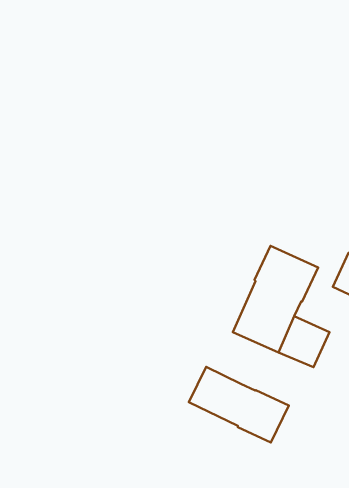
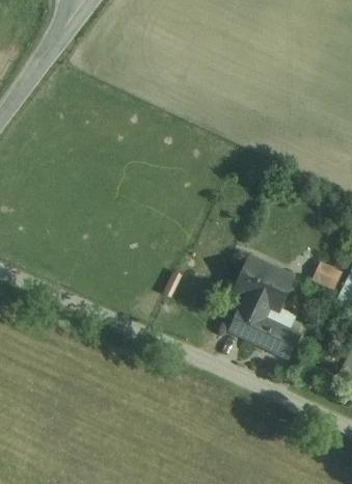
building: [189,367,289,443] -> none

